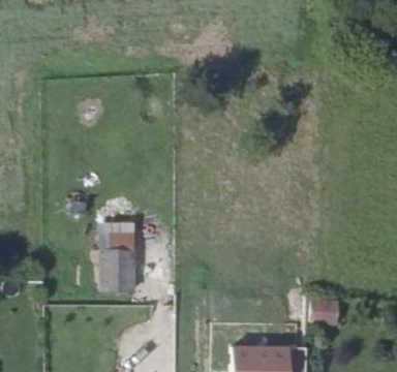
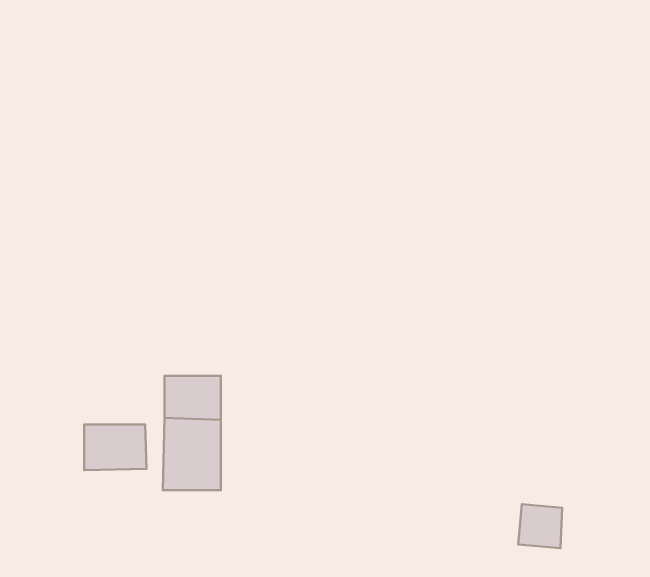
building: none -> [84,424,147,470]

